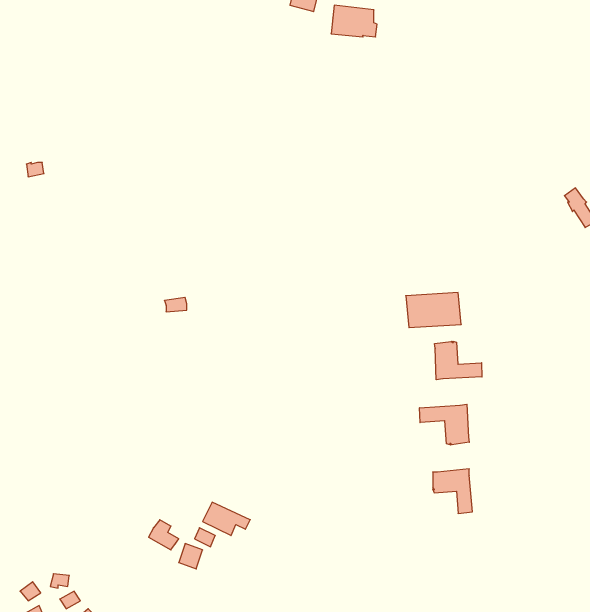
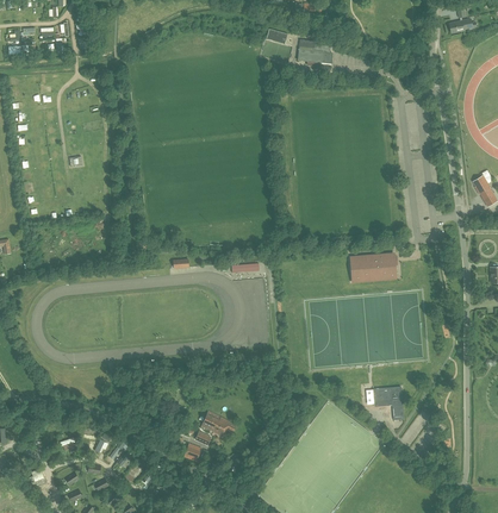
building: [435,341,482,380] -> none
building: [420,404,469,445] -> none

